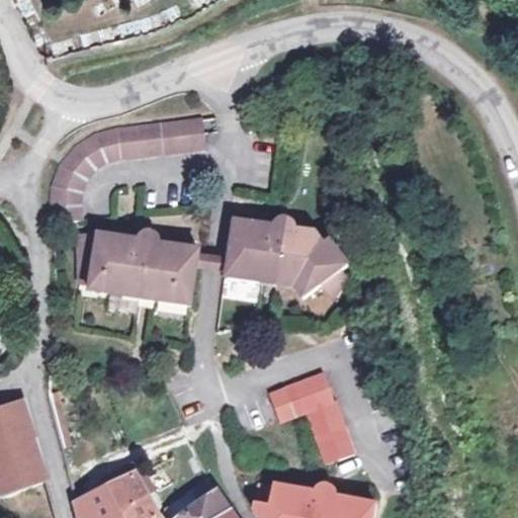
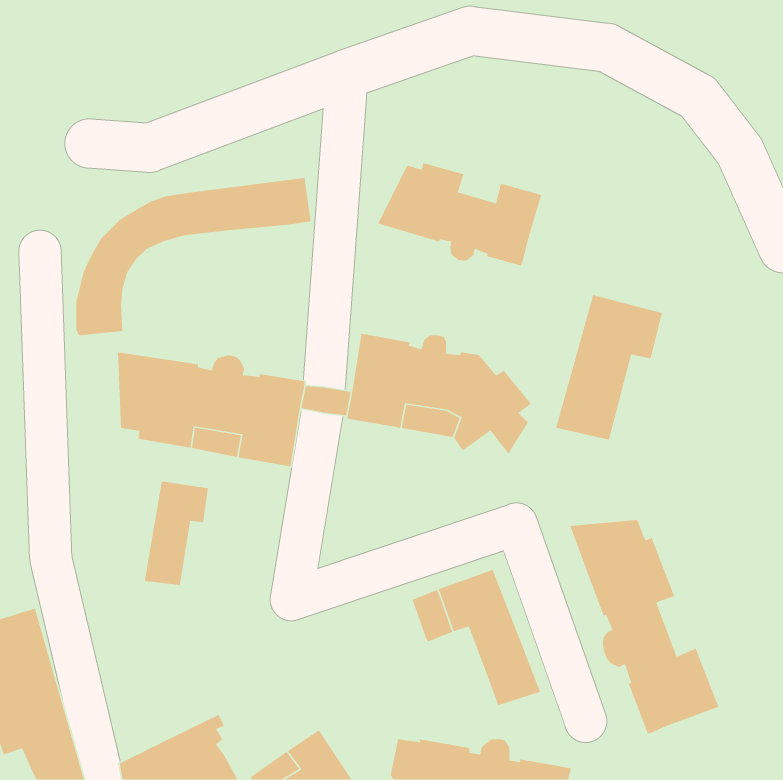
building: none -> [377,162,542,267]
building: none -> [555,294,663,441]
building: none -> [144,481,209,586]
building: none -> [569,519,719,734]

